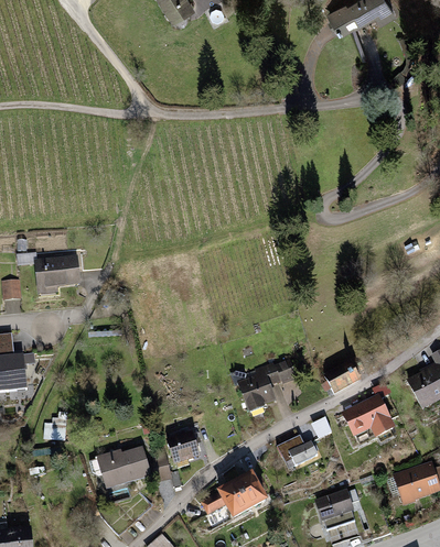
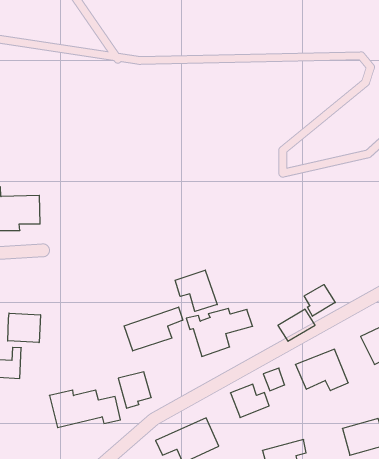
building: none -> [175,270,217,311]
building: none -> [304,285,335,316]
building: none -> [124,307,183,351]
building: none -> [8,313,40,343]

